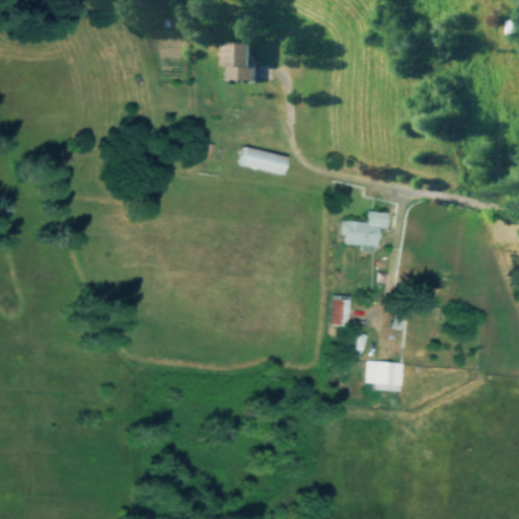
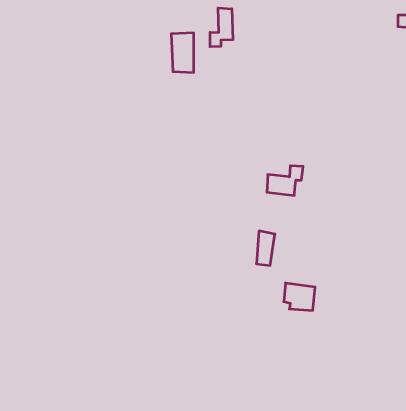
building: none -> [210,8,233,47]
building: [238,148,287,176] -> none

